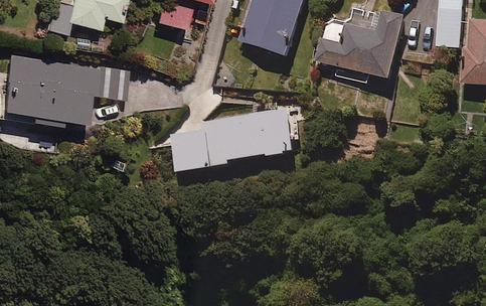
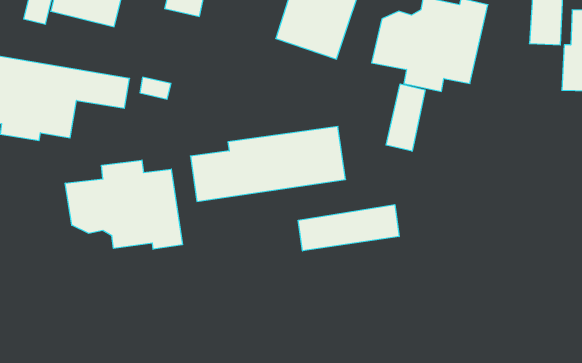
building: none -> [386,84,425,151]
building: none -> [65,160,182,249]
building: none -> [298,205,399,251]

